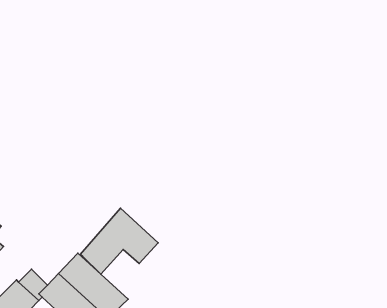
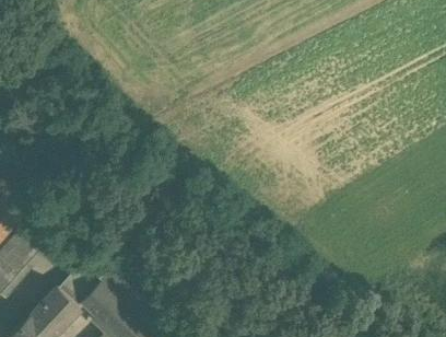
building: [80,208,158,274] -> none

